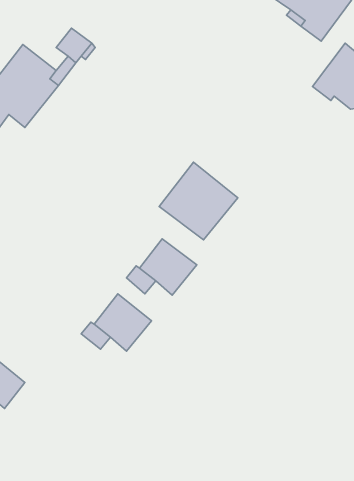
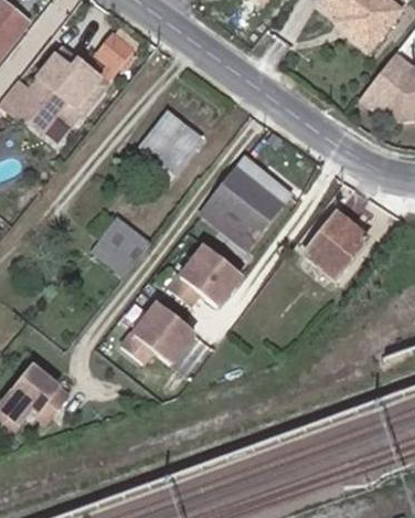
building: none -> [131,110,201,182]
building: none -> [304,212,368,277]
building: none -> [95,219,148,272]

